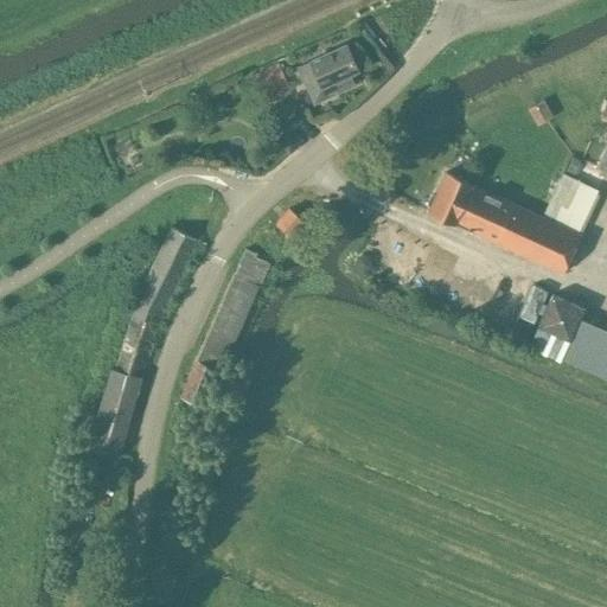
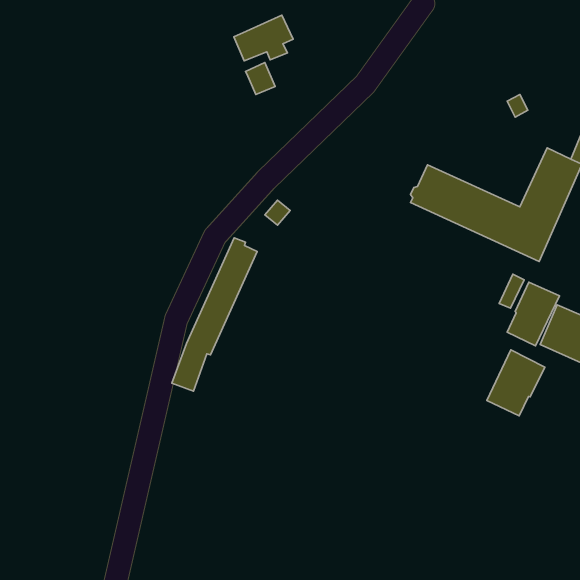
building: [298,45,359,92] -> [234,15,293,61]
building: [89,226,200,455] -> none
building: none -> [487,350,545,416]

